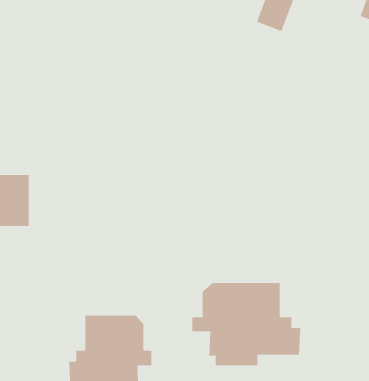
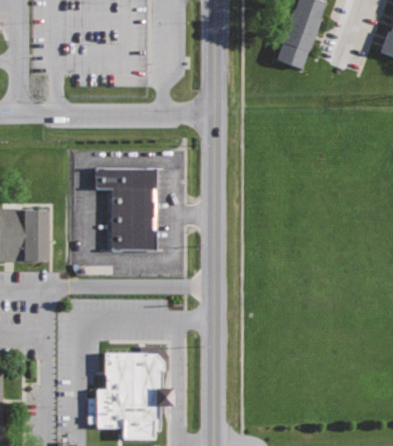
building: none -> [95,168,157,251]
building: [192,282,301,366] -> none

